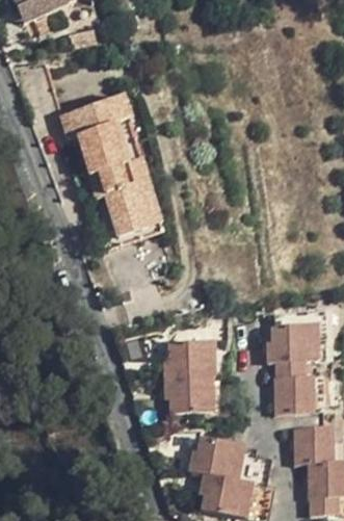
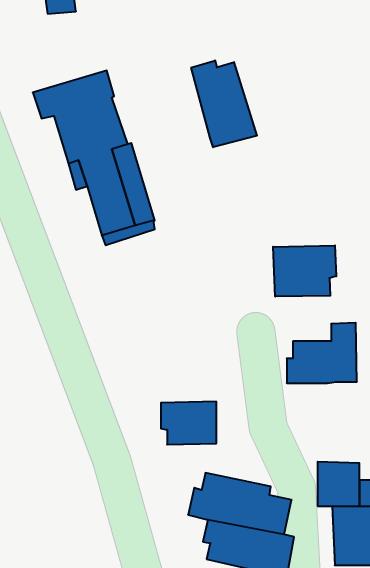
building: none -> [191,60,257,147]
building: none -> [273,245,336,297]
building: [163,341,210,375] -> none
building: [276,359,316,410] -> none

